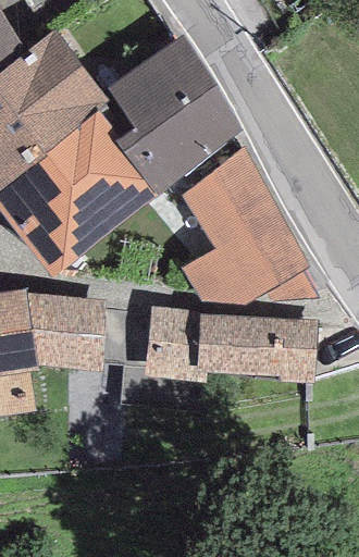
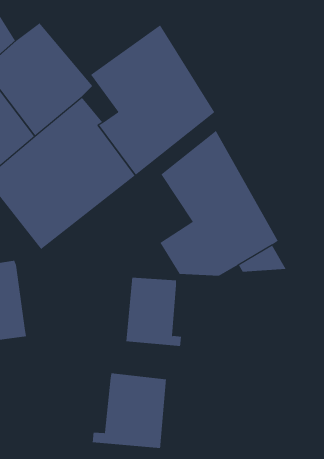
building: [26,293,104,371] -> none
building: [195,314,317,382] -> none
building: none -> [92,373,167,449]

